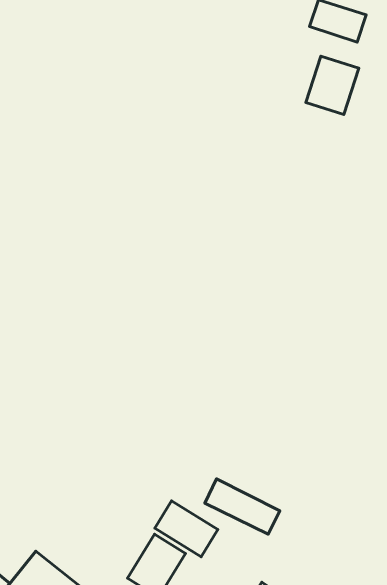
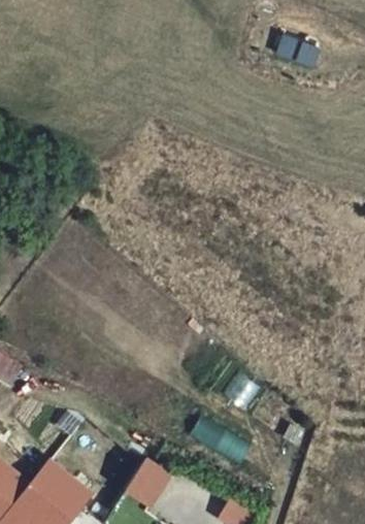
building: [306,56,359,115] -> none
building: [155,501,218,557] -> none

